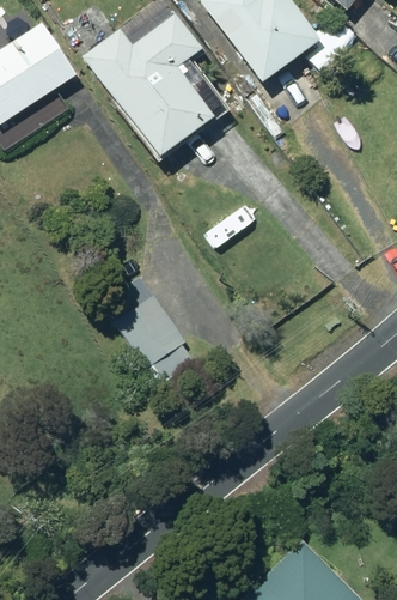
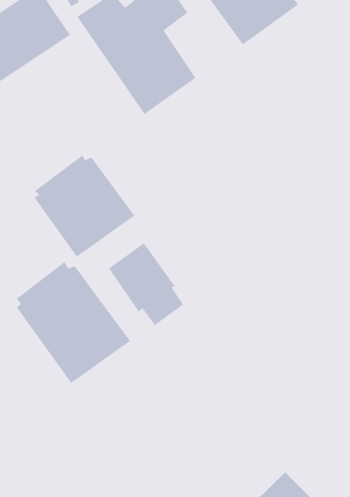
building: none -> [34,154,135,257]
building: none -> [16,261,131,384]

